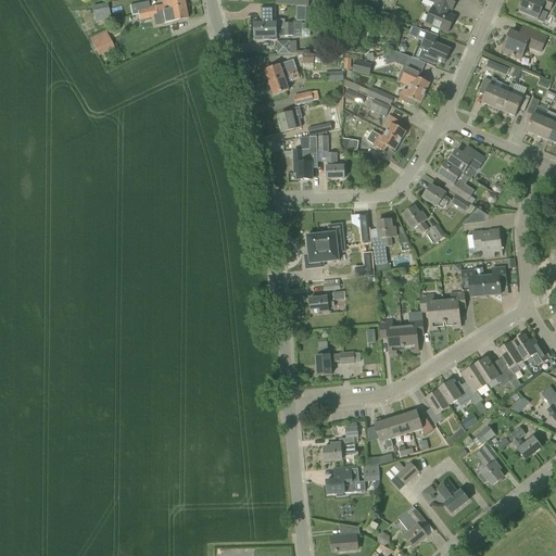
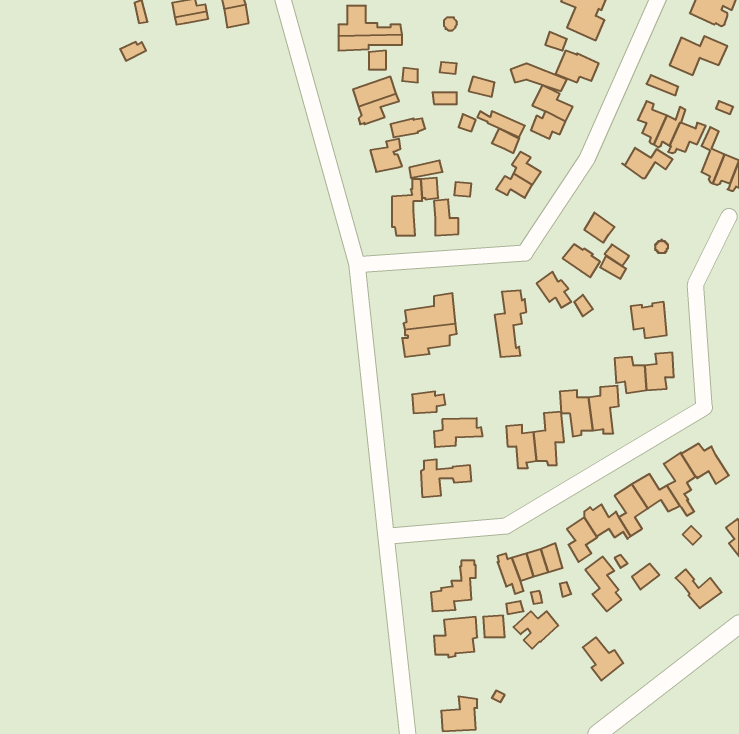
building: [446,148,484,170] -> [622,148,673,178]
building: none -> [434,418,482,447]
building: [476,442,503,483] -> [585,557,621,611]
building: [396,504,428,546] -> none

